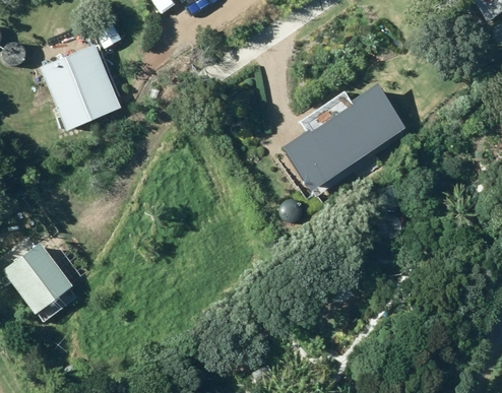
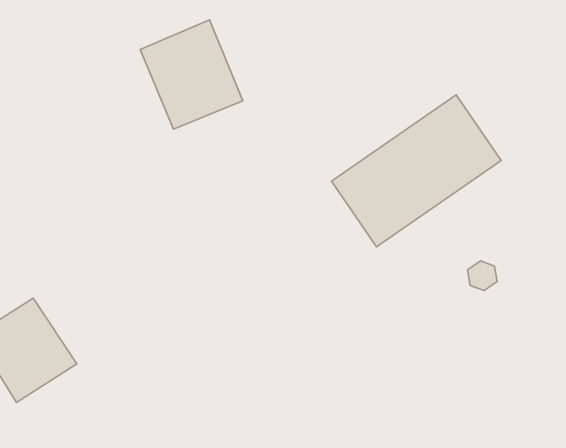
building: [44,42,125,128] -> [140,20,243,129]

